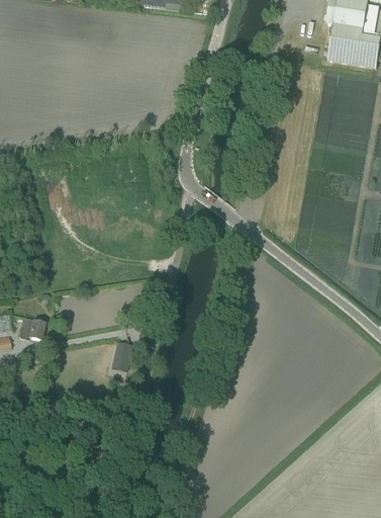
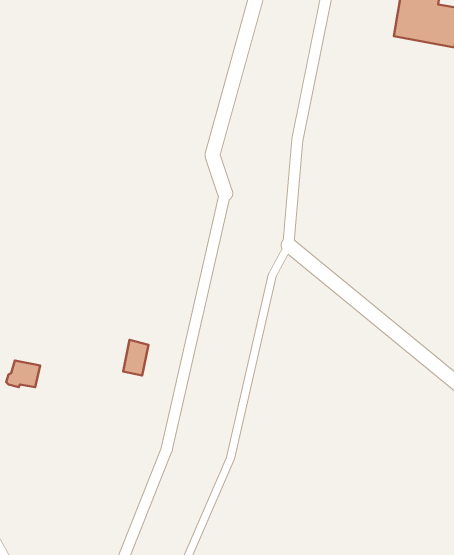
building: [113,341,133,369] -> [123,340,148,375]

